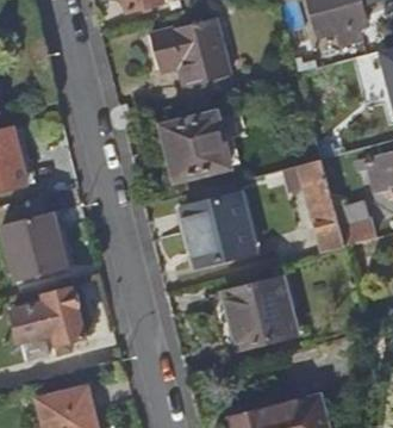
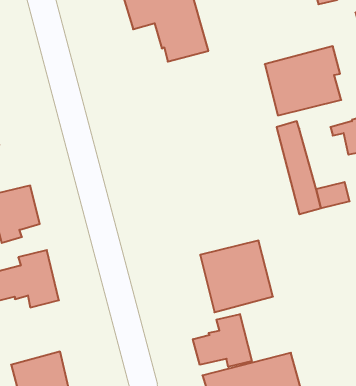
building: [163,107,239,176] -> [265,46,341,115]
building: [185,194,257,267] -> none
building: none -> [193,314,252,367]

